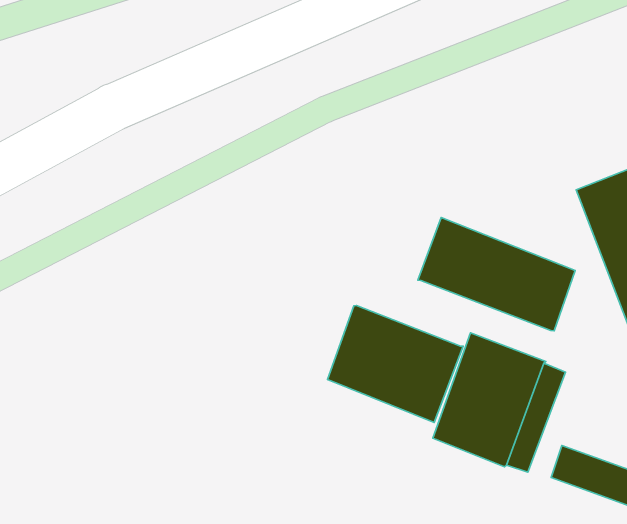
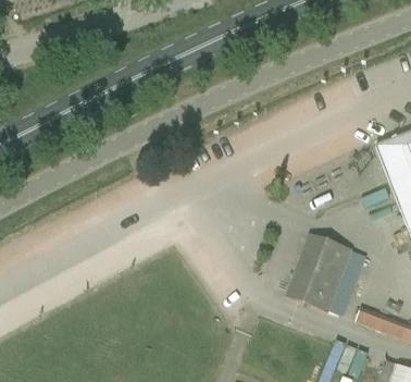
building: [418,218,575,331] -> none
building: [327,306,463,423] -> none

